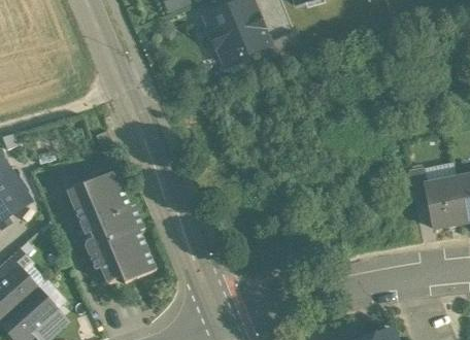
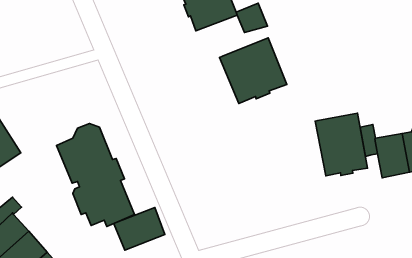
building: none -> [220,38,287,104]
building: none -> [315,113,368,176]
building: none -> [114,207,165,250]

